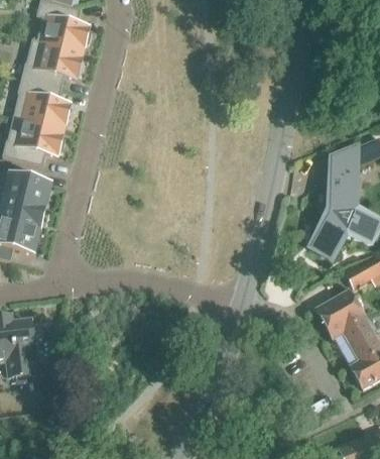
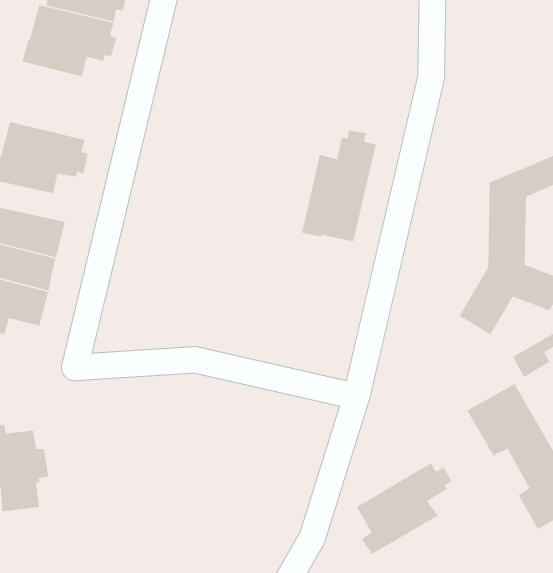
building: [13,77,70,128] -> none
building: none -> [301,130,377,242]
building: none -> [348,462,453,555]

